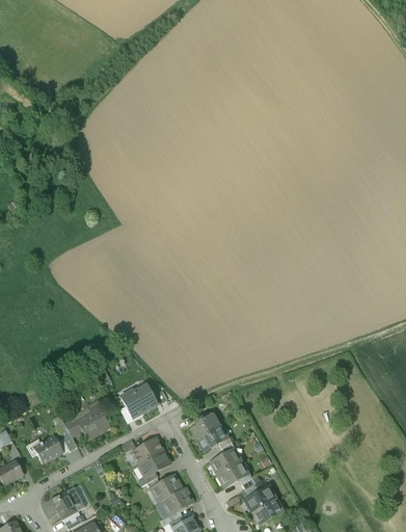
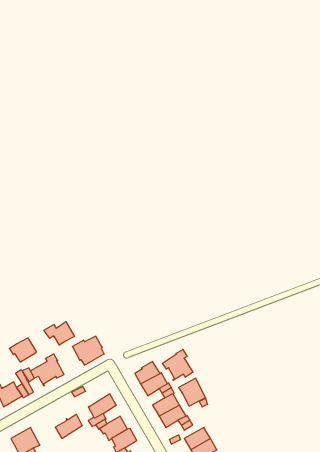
building: none -> [44,322,74,345]
building: none -> [9,338,36,362]
building: none -> [162,349,193,380]
building: none -> [179,378,206,406]
building: [132,436,162,463] -> [55,414,82,438]

